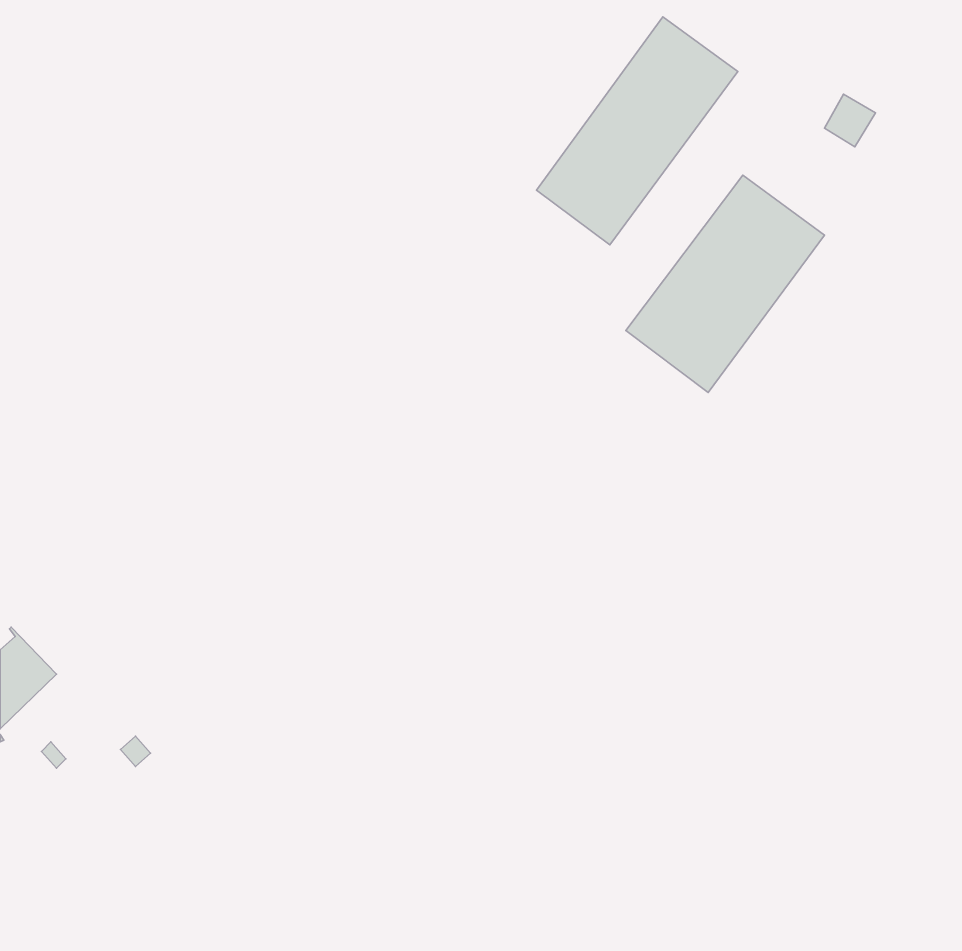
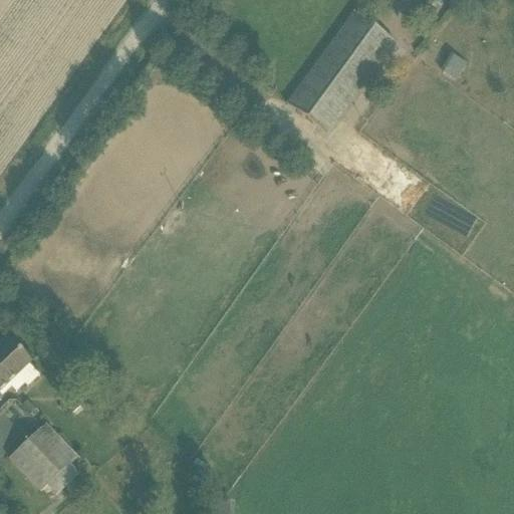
building: [626,175,824,392] -> none
building: none -> [8,421,78,492]

